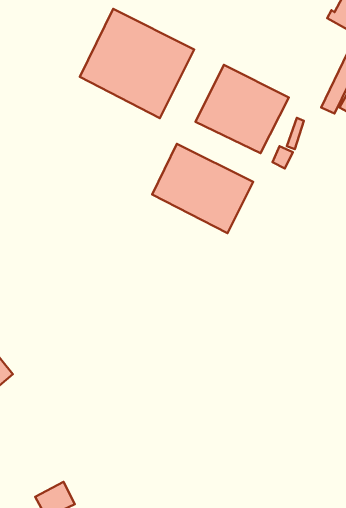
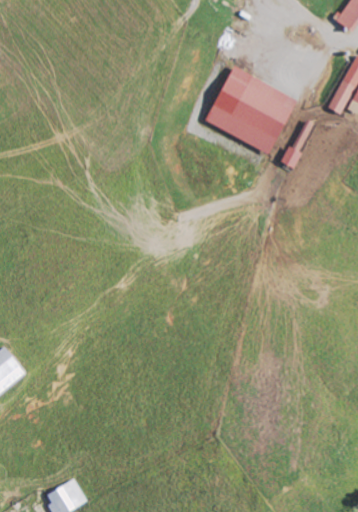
building: [80,9,194,118] -> none
building: [152,144,253,233] -> none

